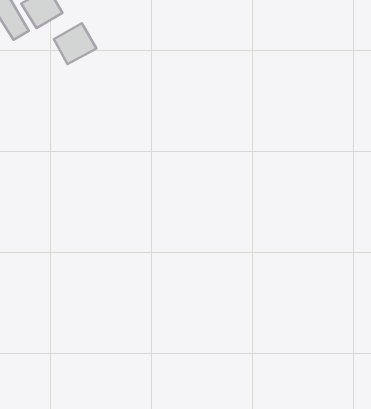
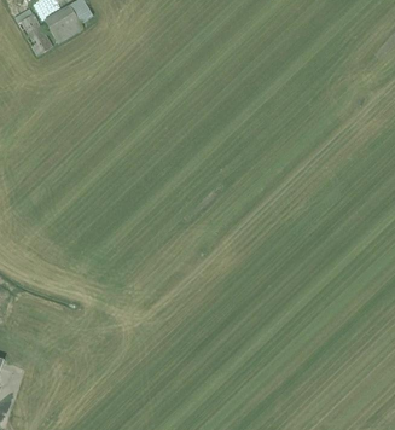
building: [54,23,97,64] -> none

